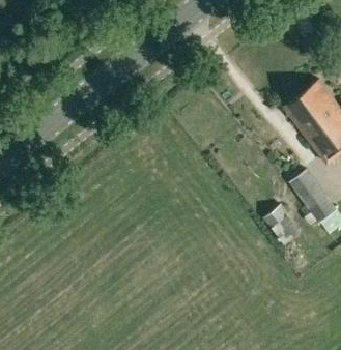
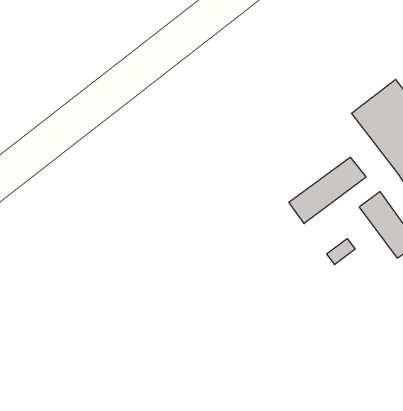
building: none -> [289,157,366,224]

